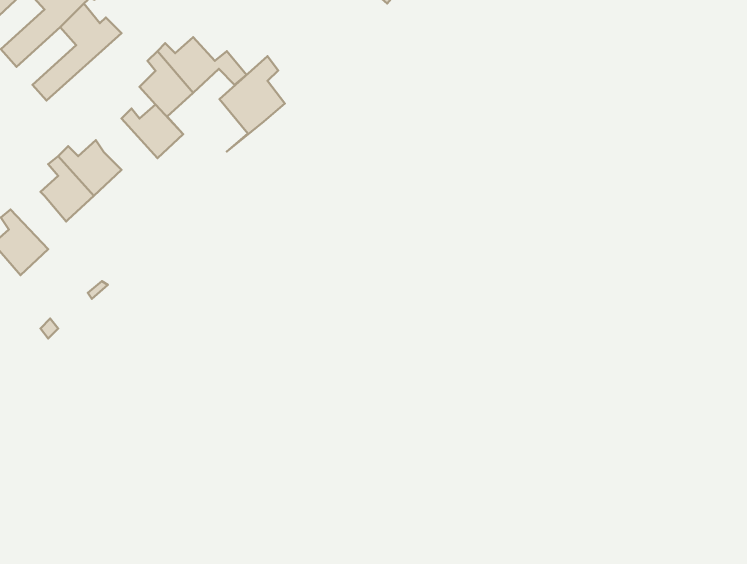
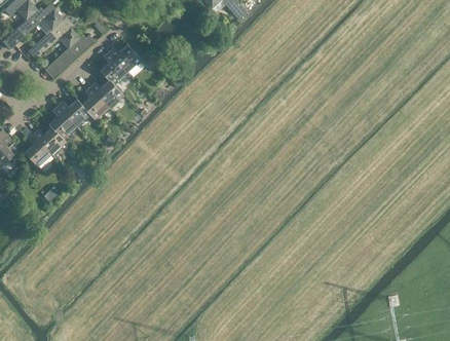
building: [219,56,285,152] -> none
building: none -> [81,86,109,119]
building: none -> [33,126,66,154]

